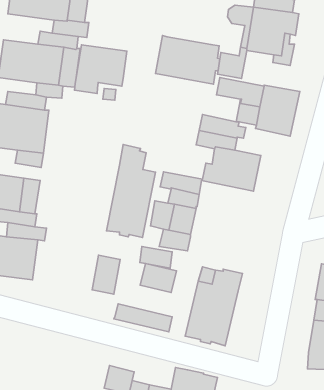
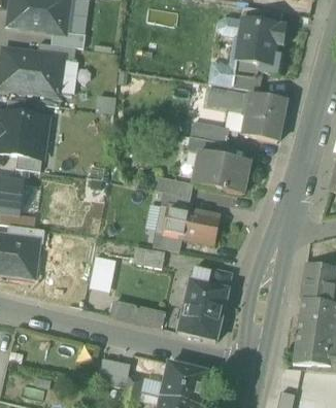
building: [155,36,220,84] -> none
building: [74,45,127,94] -> none
building: none -> [231,60,262,91]
building: [106,145,155,237] -> none
building: none -> [182,208,220,243]
building: [140,264,177,293] -> none

